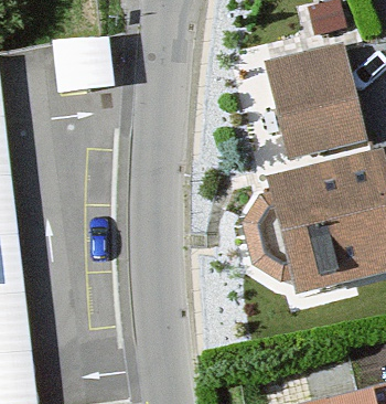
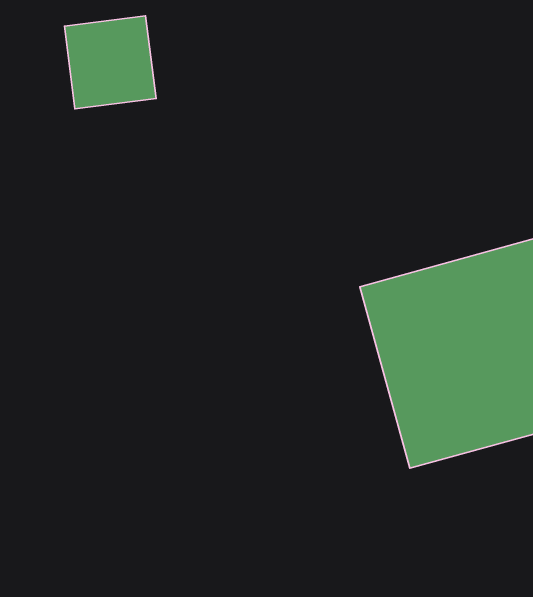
building: [262,41,363,159] -> none

